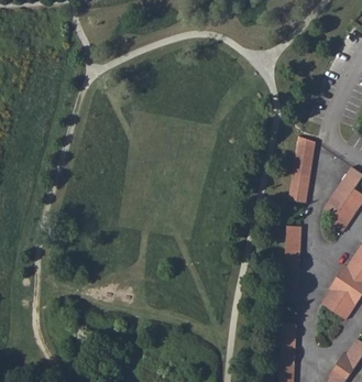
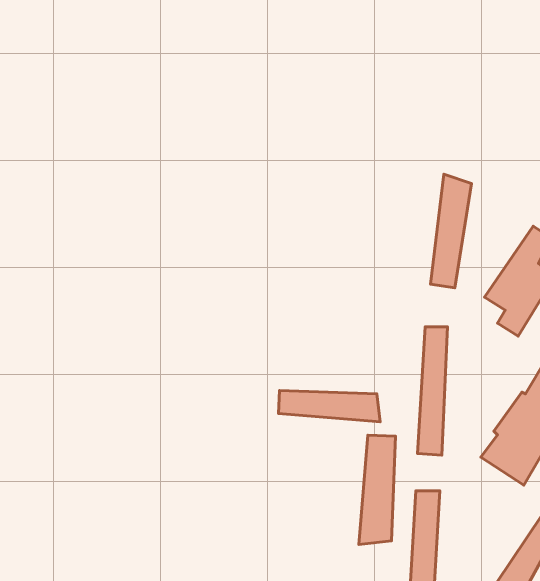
building: none -> [278,390,380,422]
building: none -> [359,435,395,544]

